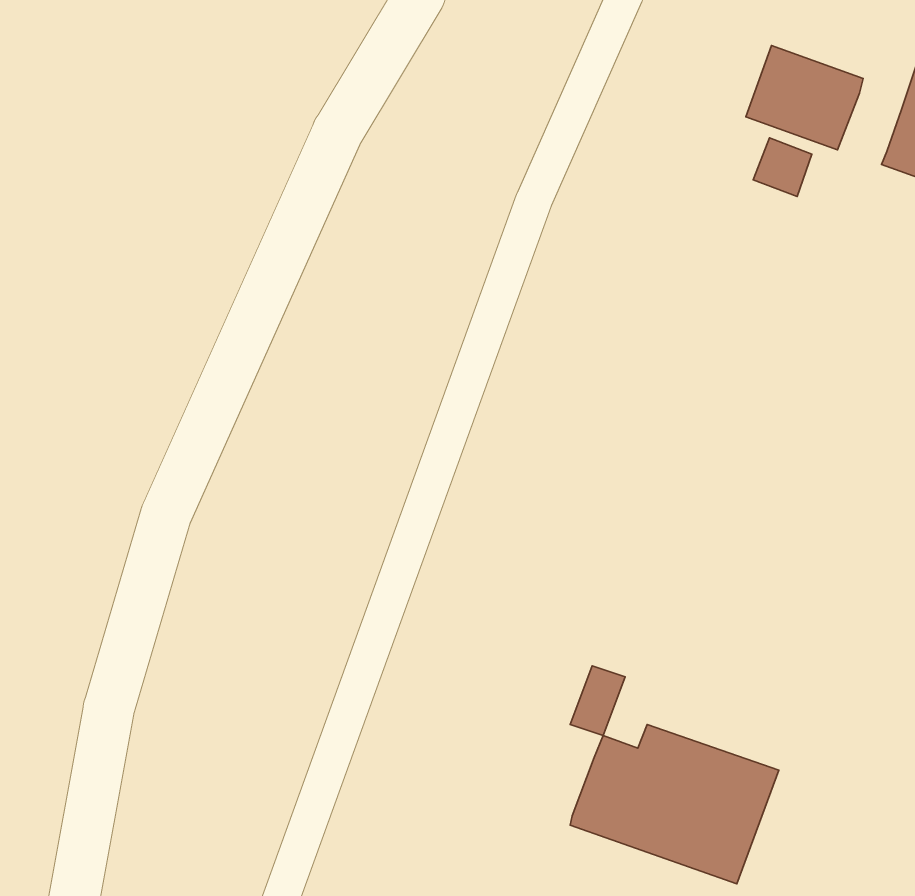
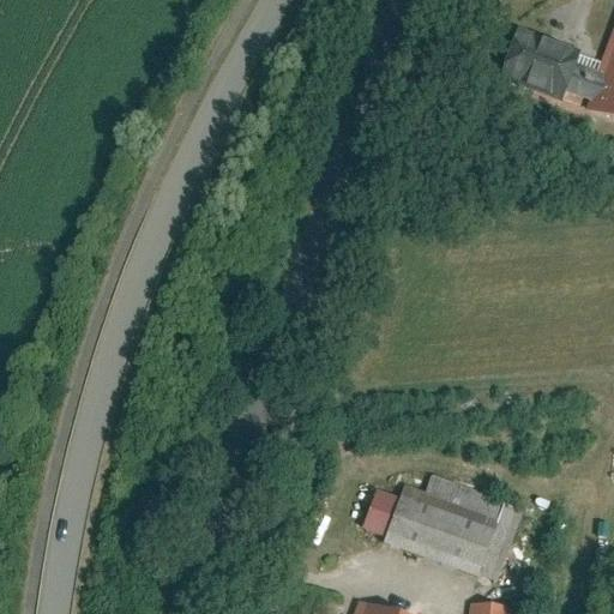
building: [753,138,812,196] -> [562,61,601,100]
building: [570,666,625,735] -> [363,489,399,535]

